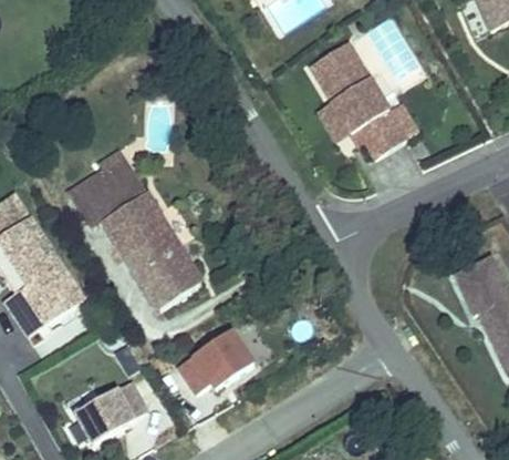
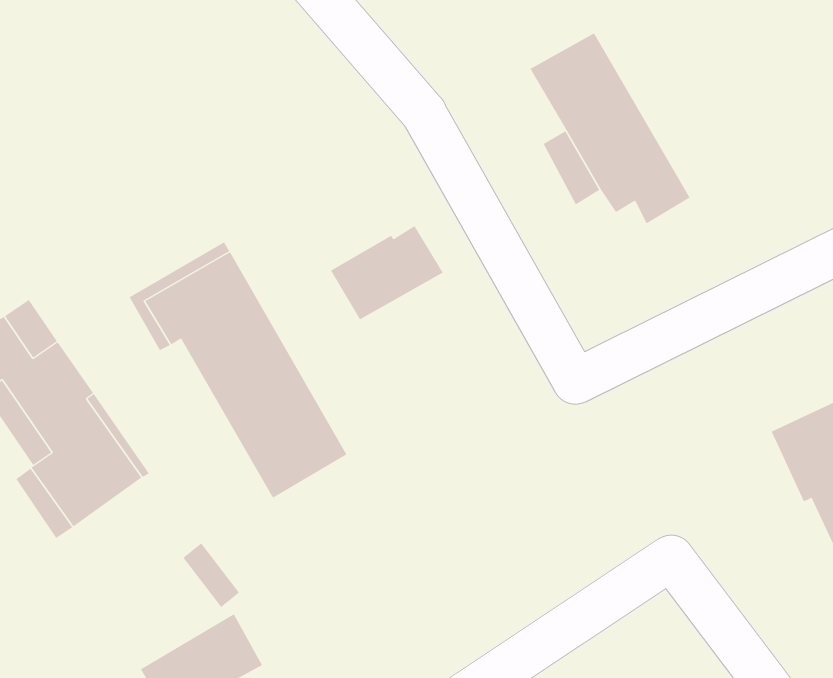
building: none -> [330,225,443,320]
building: [187,328,262,391] -> none

